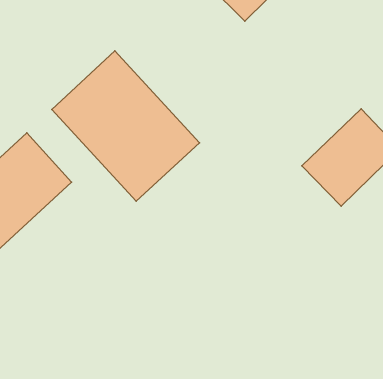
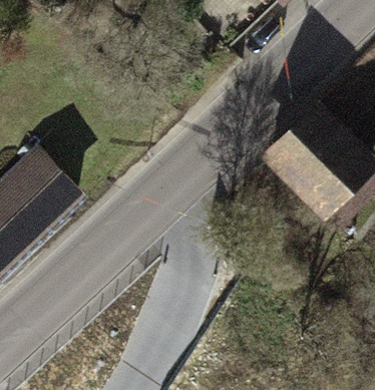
building: [52,51,199,201] -> none

